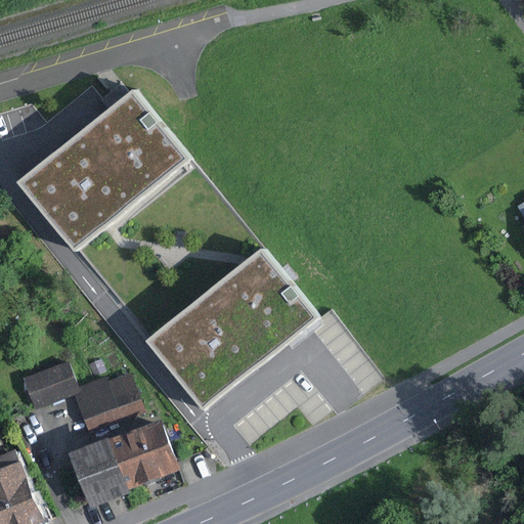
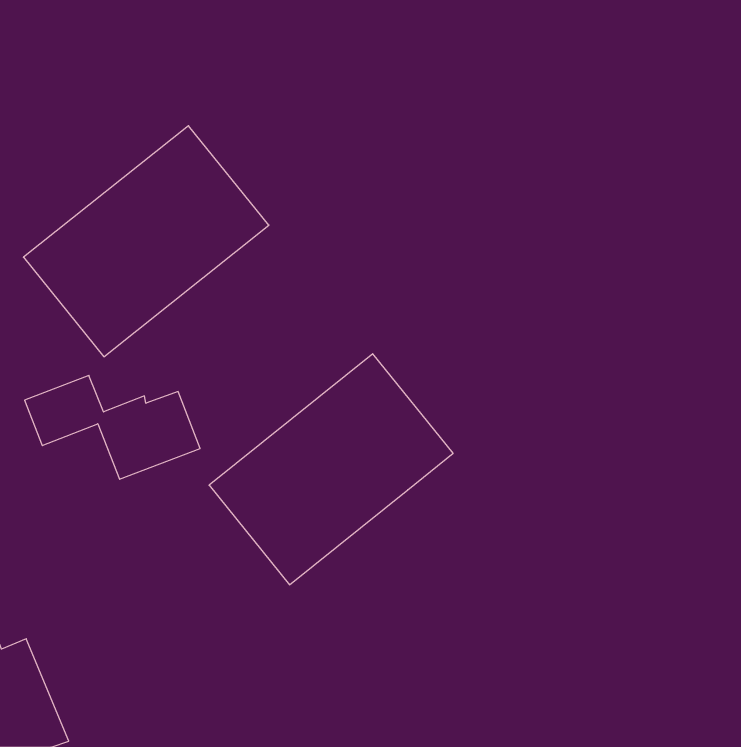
building: [20,362,143,435] -> [25,375,200,479]
building: [68,421,178,510] -> none

